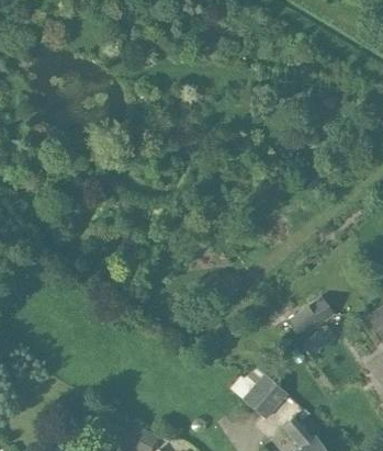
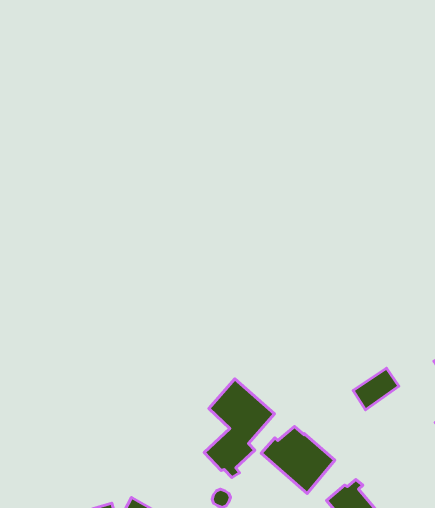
building: [285,296,331,337] -> none
building: none -> [204,379,275,477]

